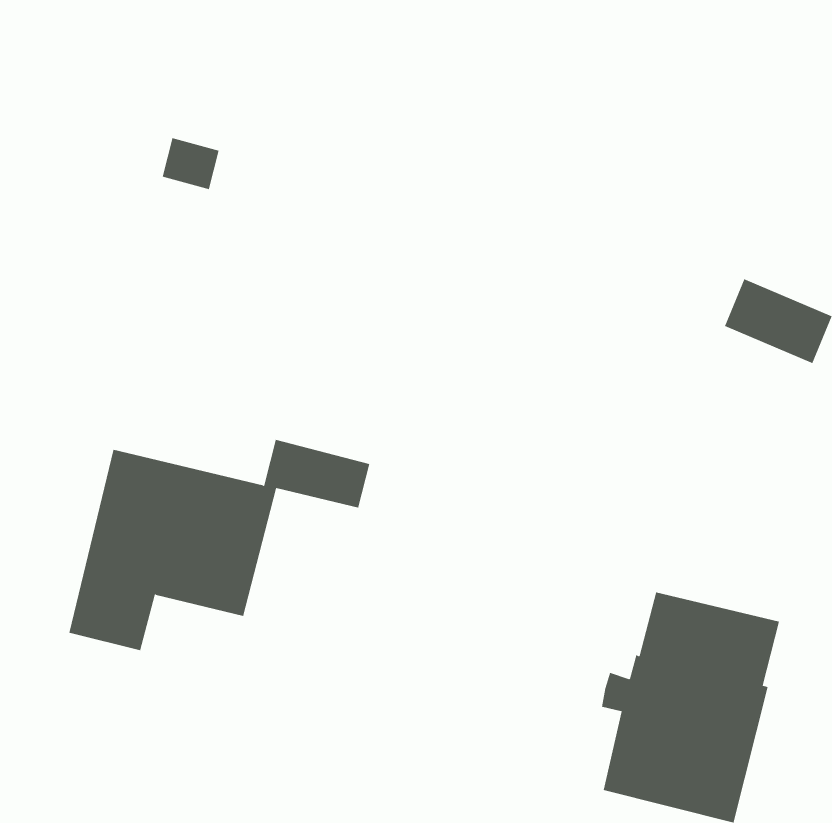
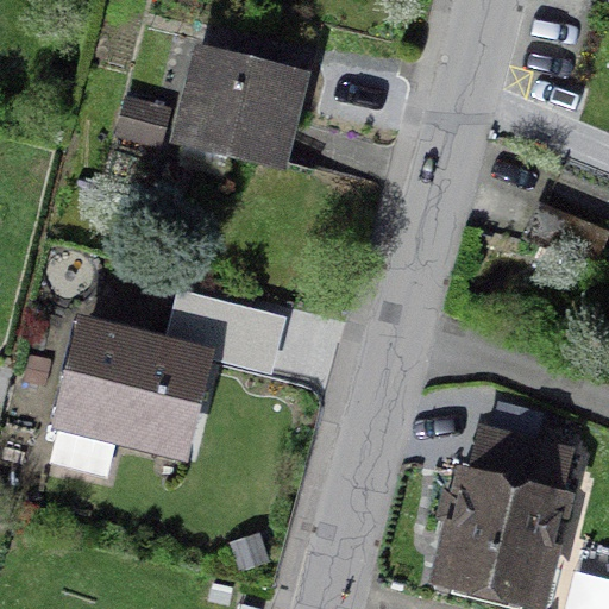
building: none -> [178,52,296,162]

